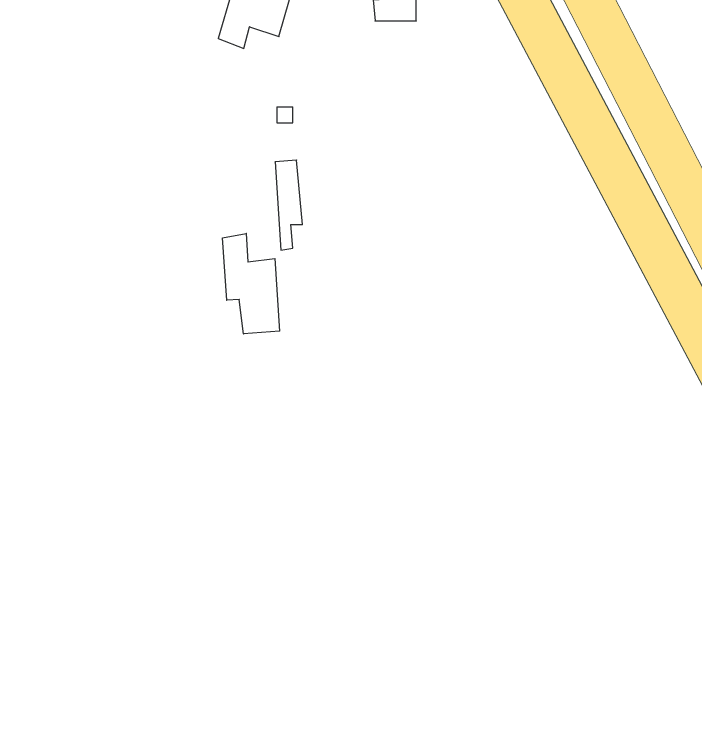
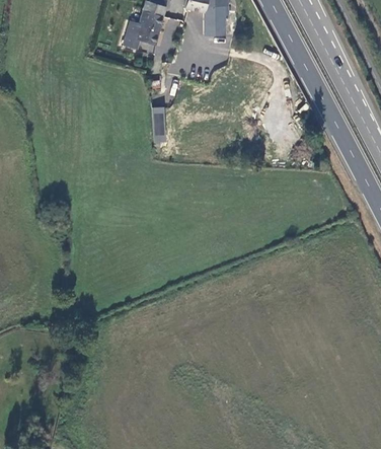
building: [223,233,280,334] -> none

